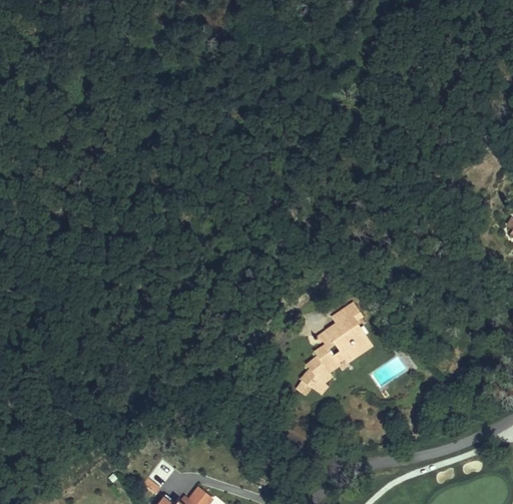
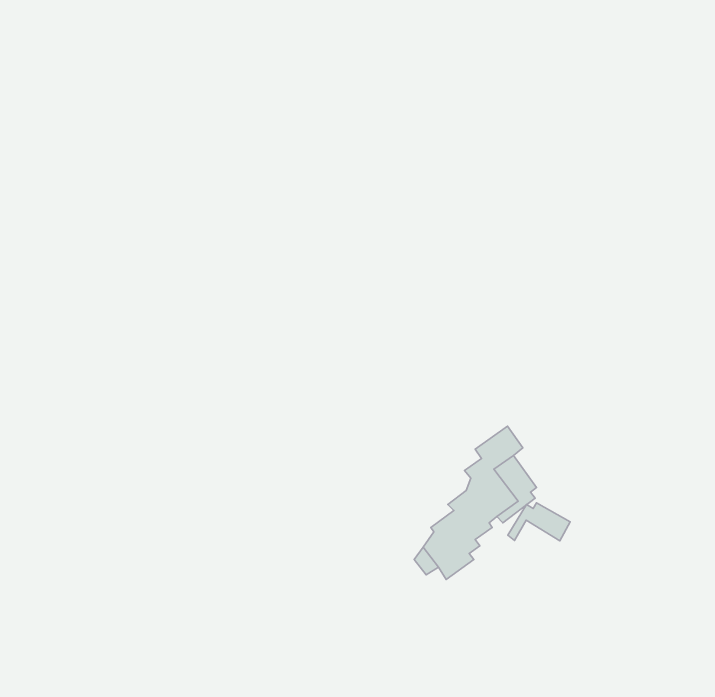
building: none -> [508,503,570,541]

